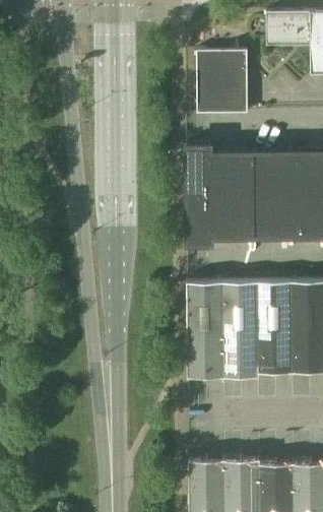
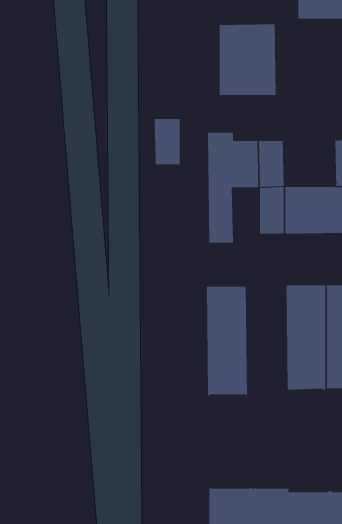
building: [256,154,302,195] -> none
building: [211,196,235,245] -> [154,119,181,174]
building: [223,281,260,379] -> none

